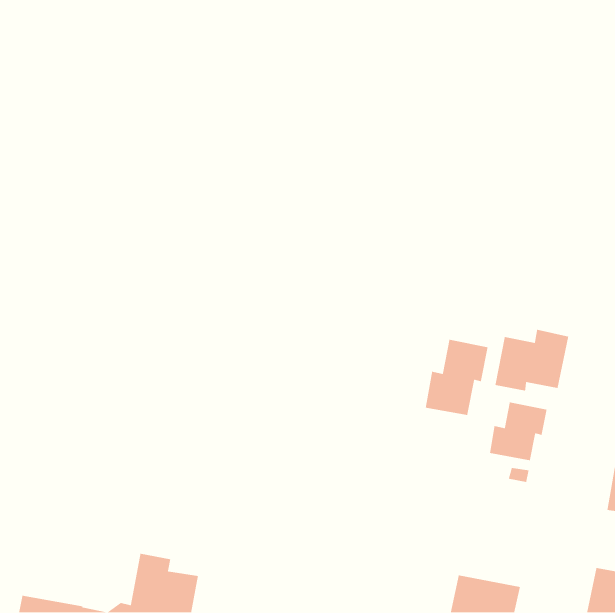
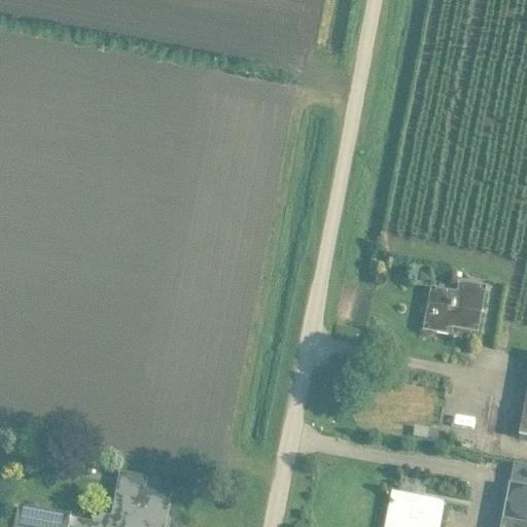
building: [425,339,489,416] -> none
building: [489,402,548,461] -> none

